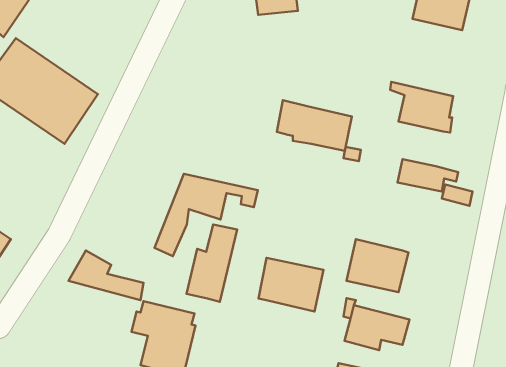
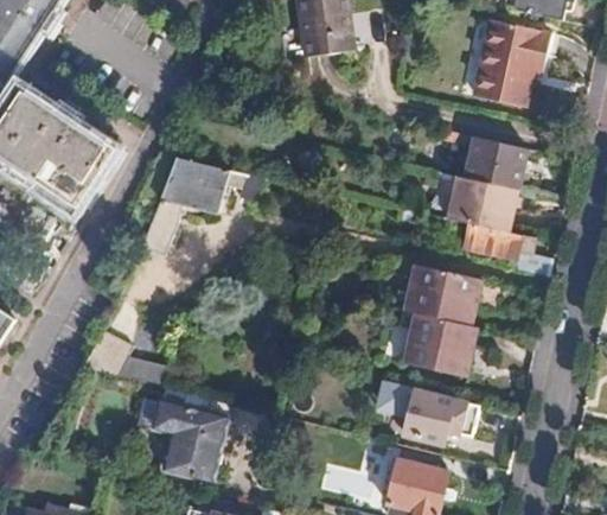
building: none -> [474,58,541,108]
building: [277,100,352,151] -> [430,171,518,230]
building: [154,174,258,256] -> [141,158,262,254]
building: [187,224,237,302] -> none
building: [259,258,323,312] -> [405,266,481,329]

